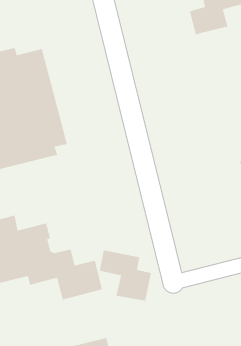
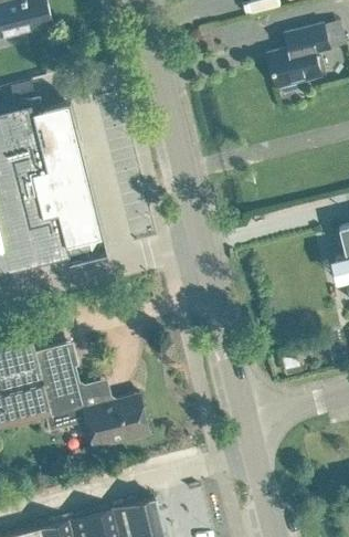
building: [99,250,152,302] -> none

